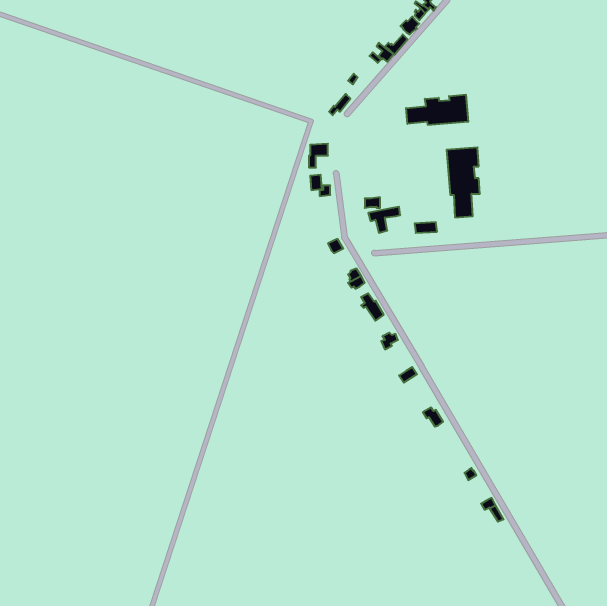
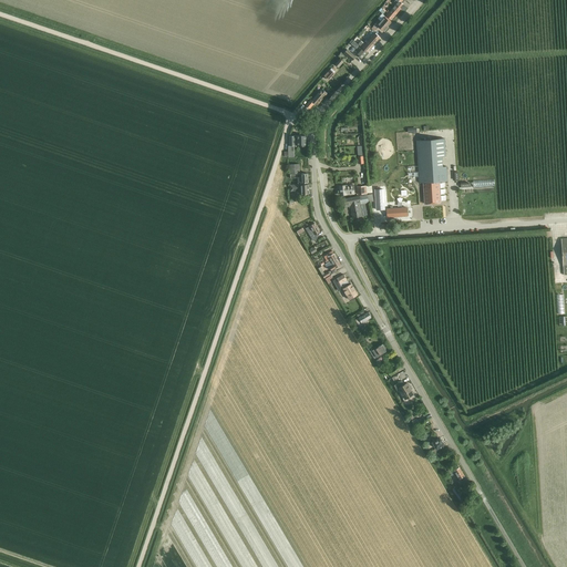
building: [406,95,468,125] -> none

